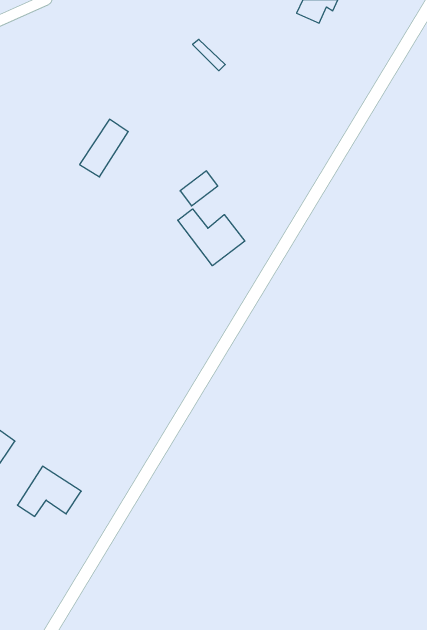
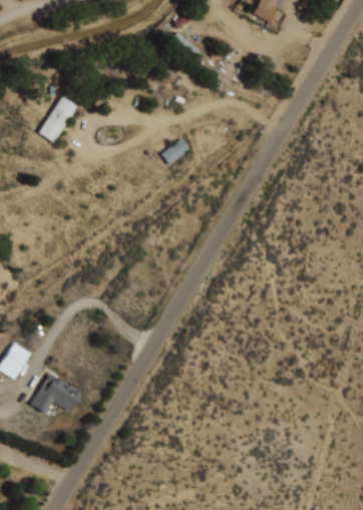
building: [80,119,128,177] -> [38,95,77,141]
building: [178,209,245,266] -> none

